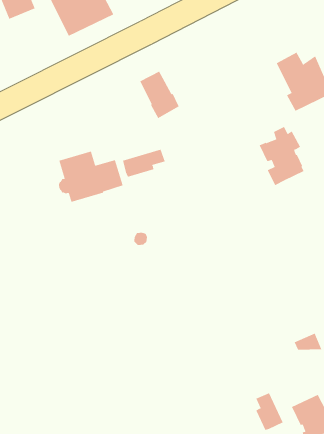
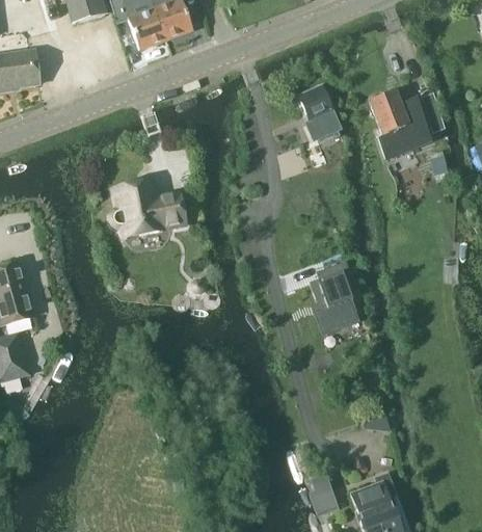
building: [140,71,180,119] -> [298,85,341,139]
building: [259,126,304,186] -> [310,263,358,329]
building: [122,149,165,177] -> none

